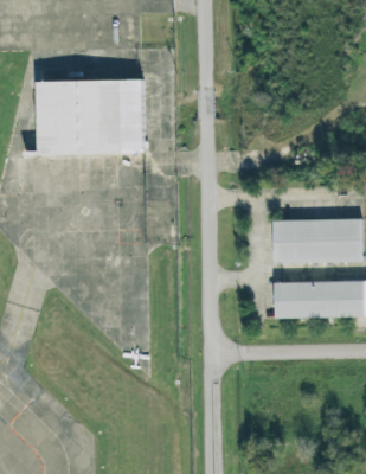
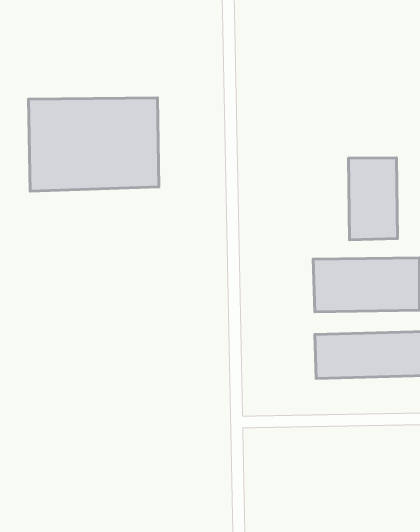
building: none -> [348,158,397,240]

